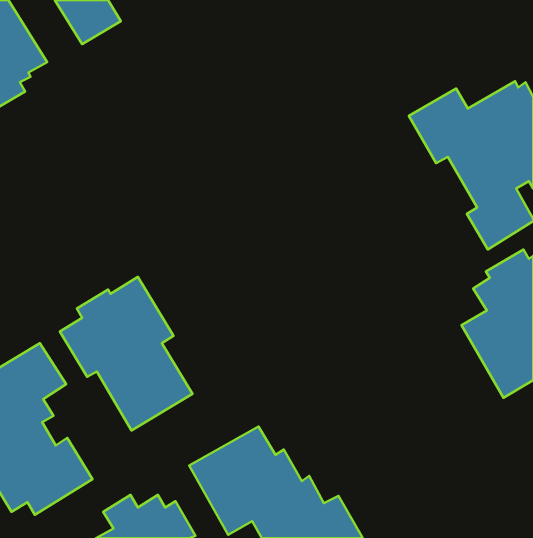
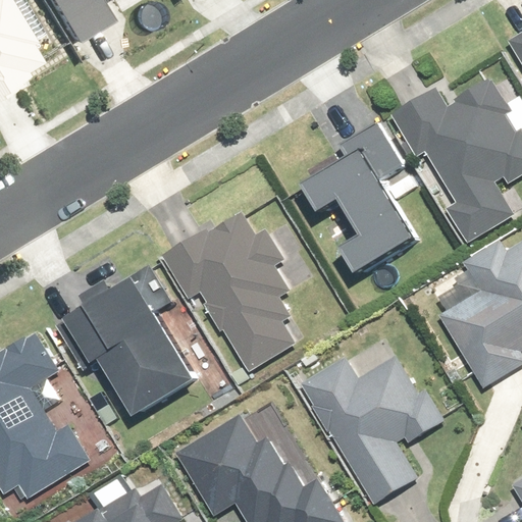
building: none -> [300,119,417,273]
building: none -> [158,208,293,372]
building: none -> [296,356,440,506]

